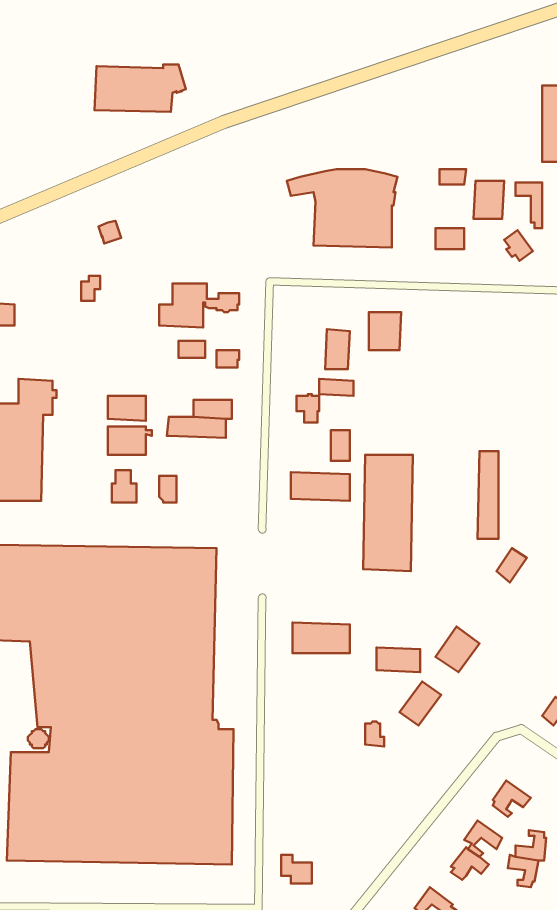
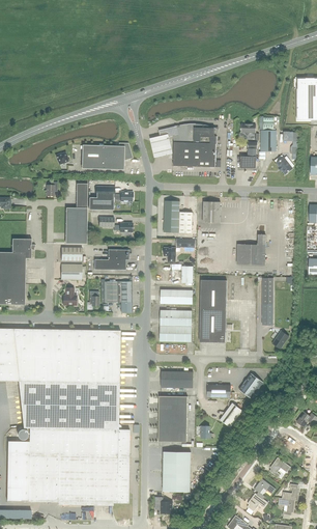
building: [95,64,186,112] -> [81,143,131,169]
building: none -> [64,183,86,243]
building: none -> [163,200,179,232]
building: none -> [236,234,264,264]
building: none -> [99,278,131,311]
building: none -> [160,307,191,341]
building: none -> [157,395,186,441]
building: none -> [162,451,190,491]

